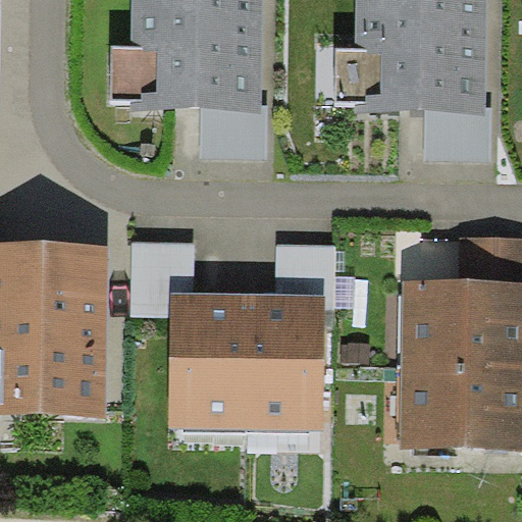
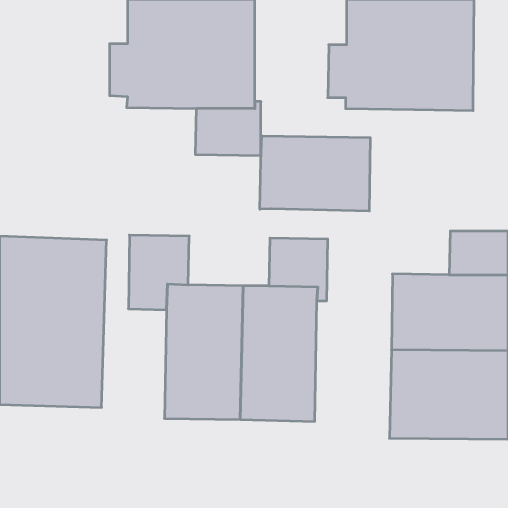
building: [424,105,491,160] -> none
building: none -> [260,136,370,211]

